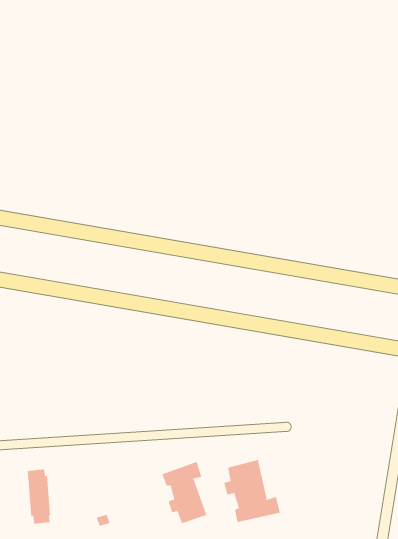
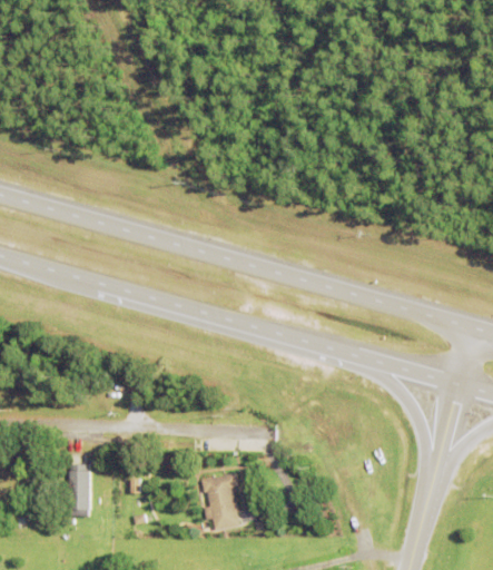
building: [223,459,280,523] -> none

